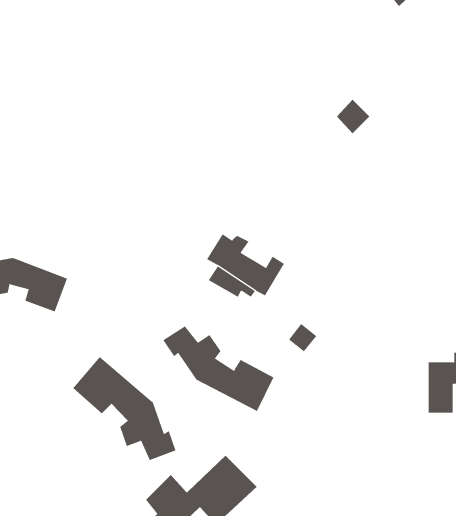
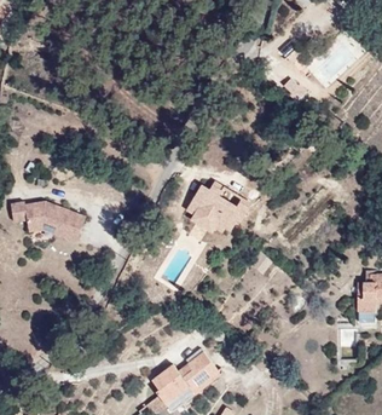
building: [163,326,274,412] -> none
building: [73,356,176,461] -> none

